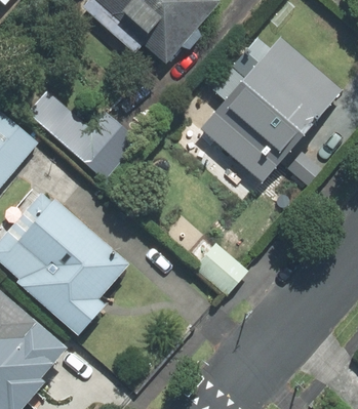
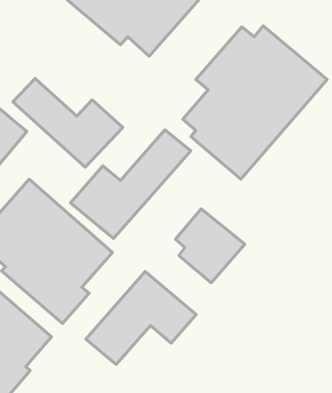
building: none -> [70,130,191,239]
building: none -> [86,272,196,364]

